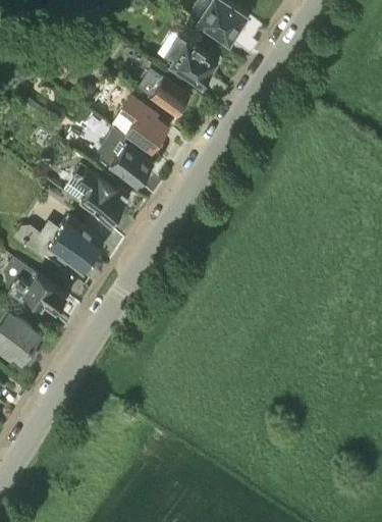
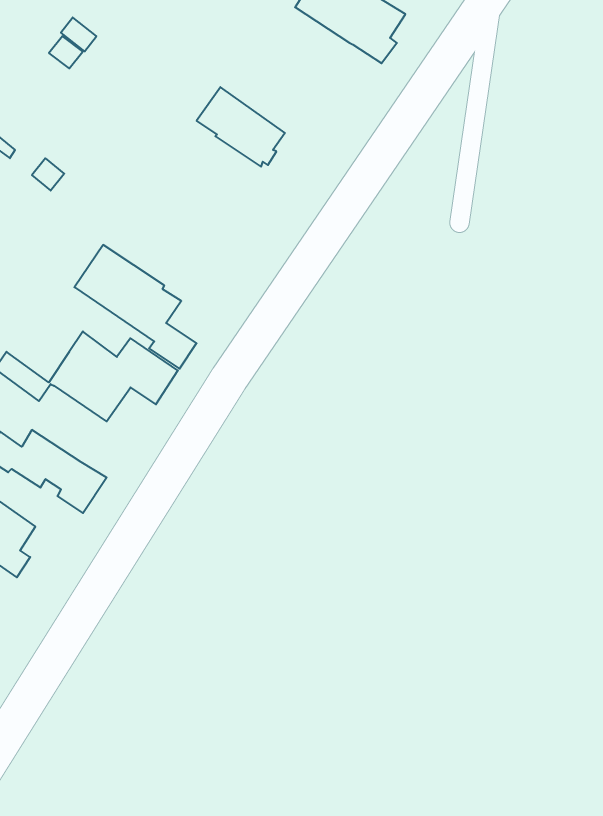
building: [155,31,225,100] -> none
building: [118,94,182,165] -> none
building: [95,128,162,195] -> none

